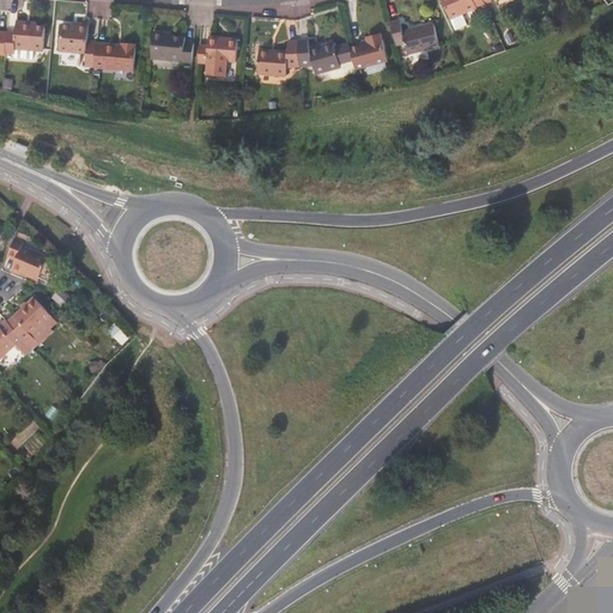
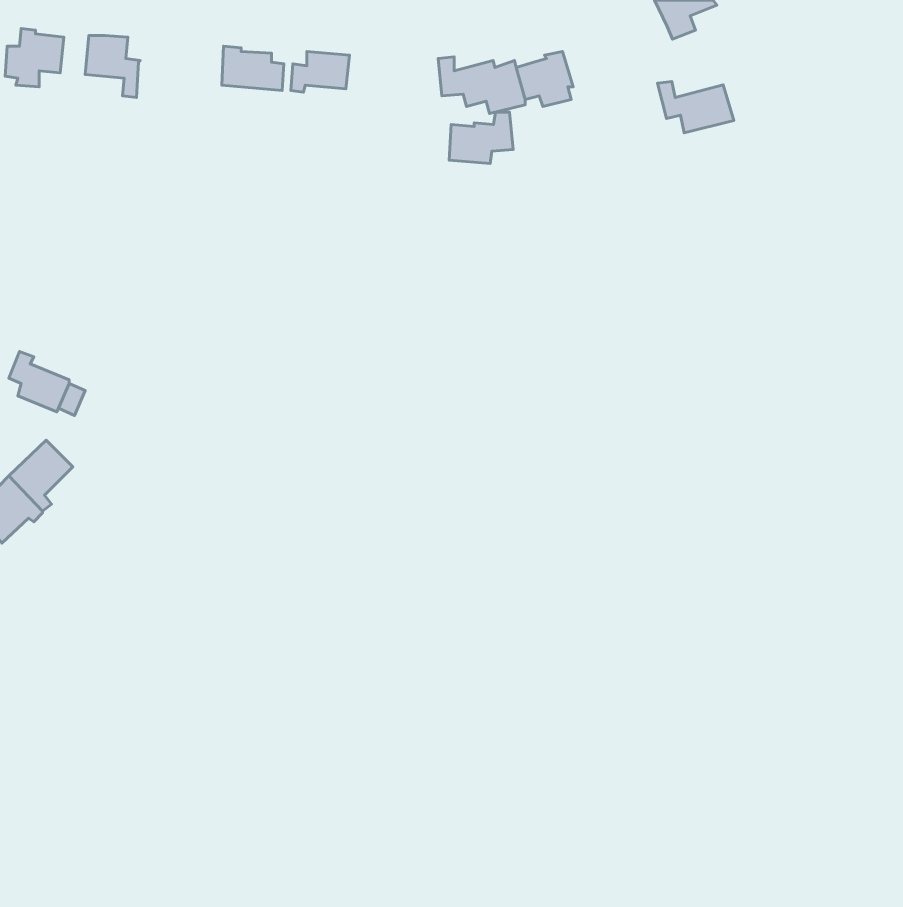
building: [386,11,437,45] -> [658,81,734,133]
building: [255,40,298,74] -> [449,112,513,164]
building: [92,42,135,69] -> none

